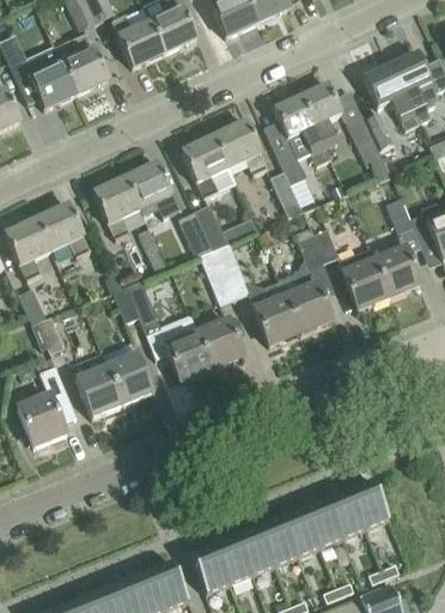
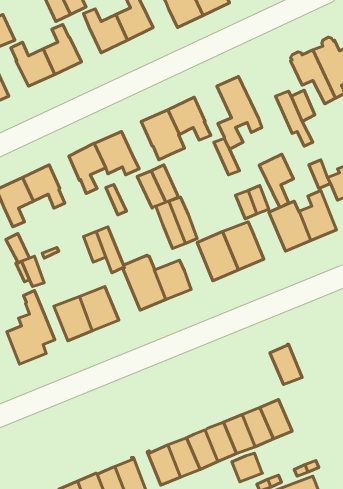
building: [300,84,342,148] -> [259,154,293,207]
building: [349,480,389,529] -> [270,344,302,384]
building: none -> [232,453,262,482]

